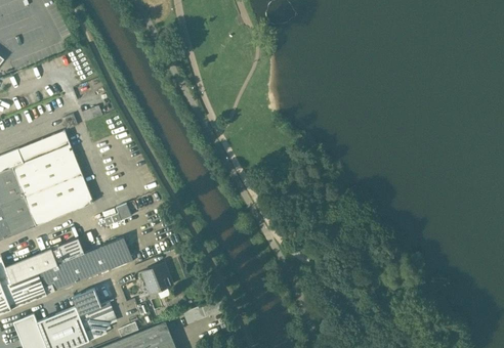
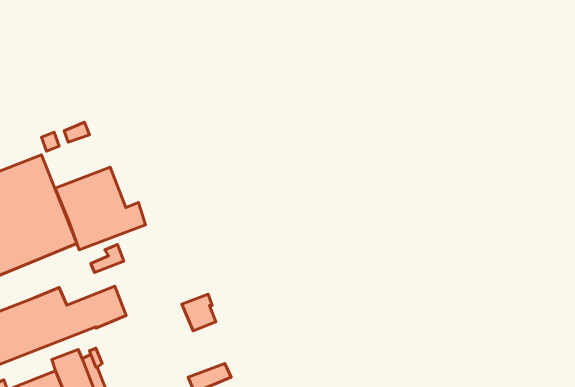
building: none -> [55,167,146,250]
building: [142,263,170,293] -> [182,294,216,331]

